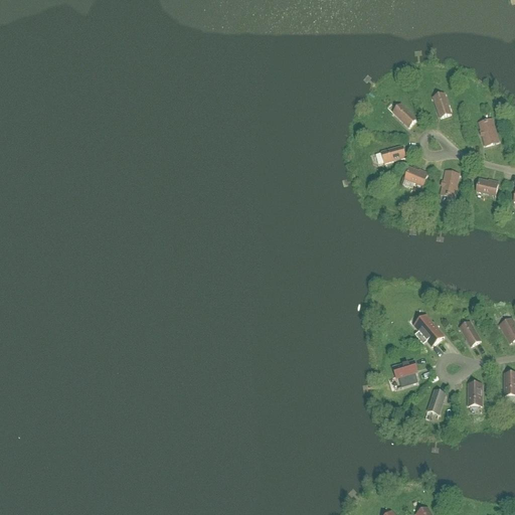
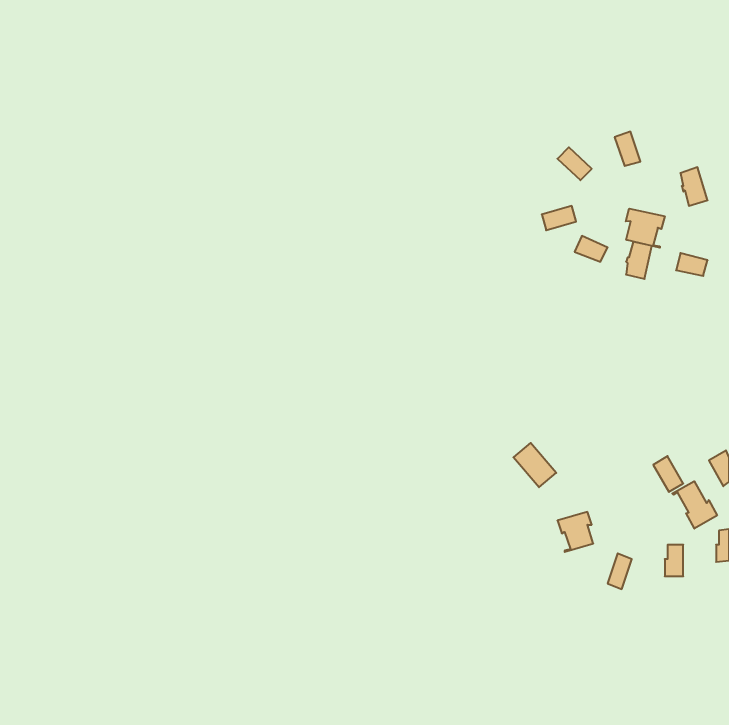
building: none -> [626,209,665,248]
building: [413,315,444,346] -> [513,443,556,487]
building: none -> [672,481,717,529]

